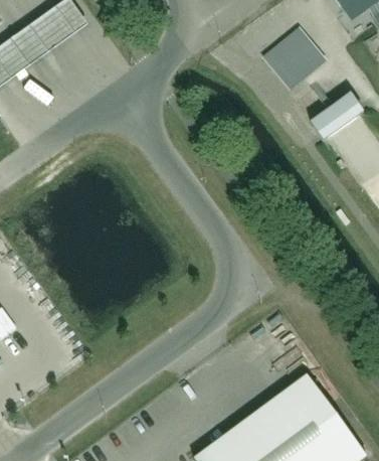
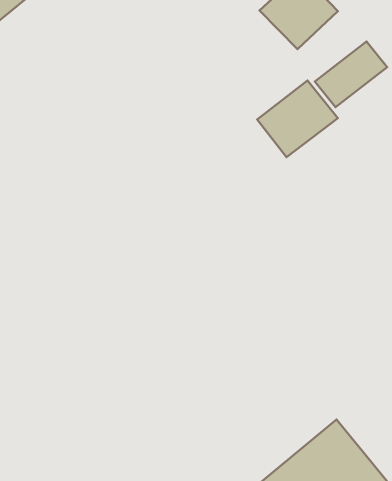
building: none -> [257,80,338,157]

